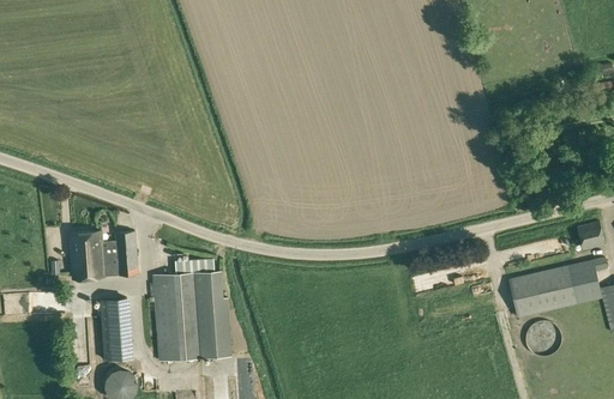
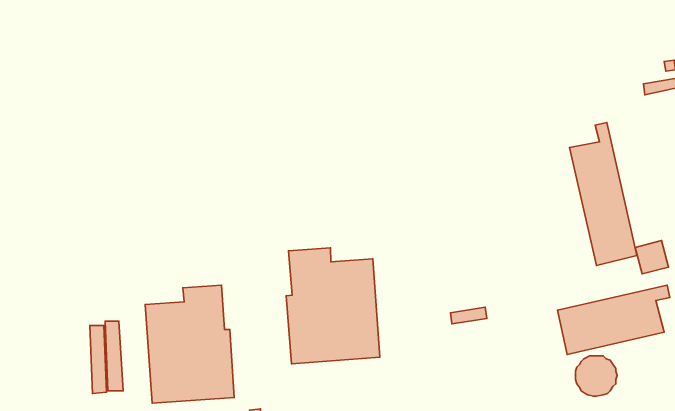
building: none -> [570,122,637,265]
building: none -> [286,248,380,364]
building: [70,230,138,277] -> none

